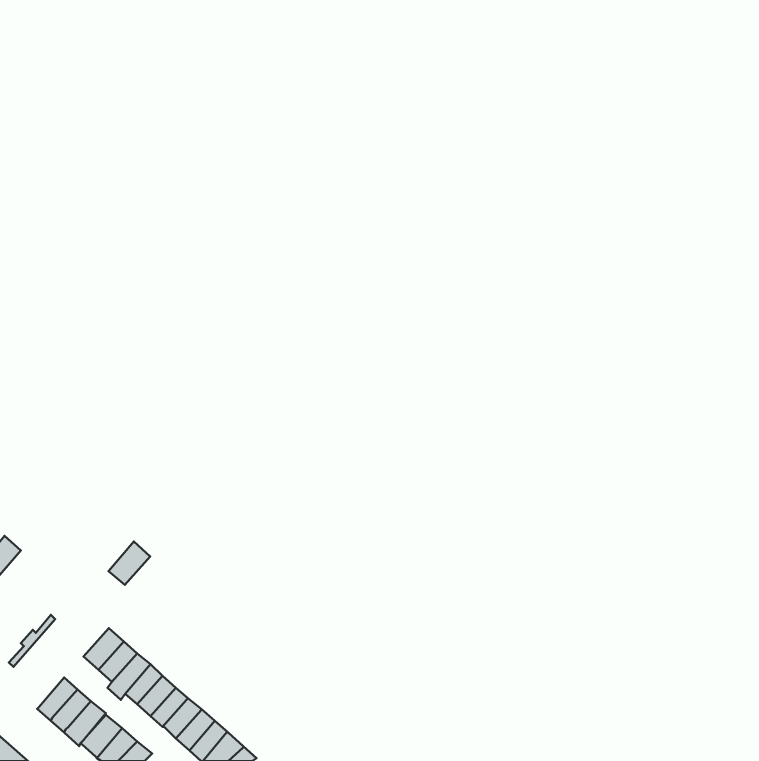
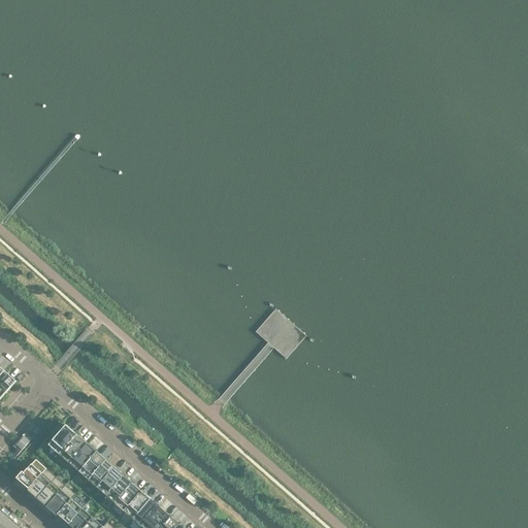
building: [109,541,150,585] -> [46,424,75,454]
building: none -> [14,459,44,489]

